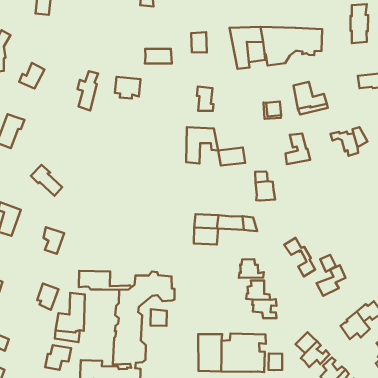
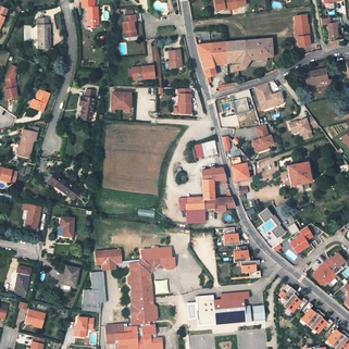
building: [186,127,218,163] -> [200,167,227,197]
building: none -> [284,162,308,186]

